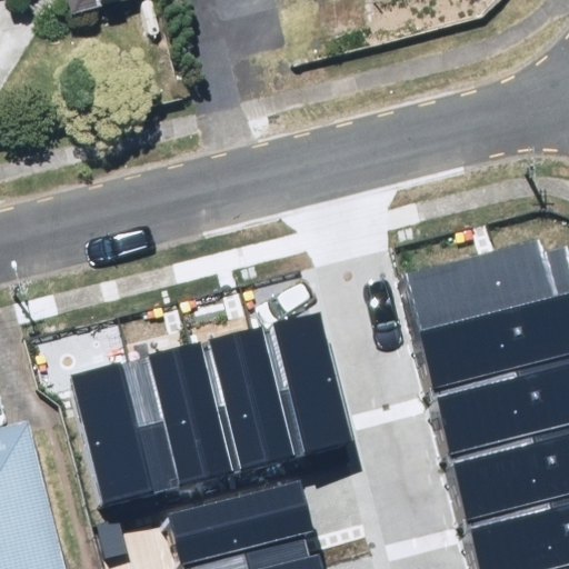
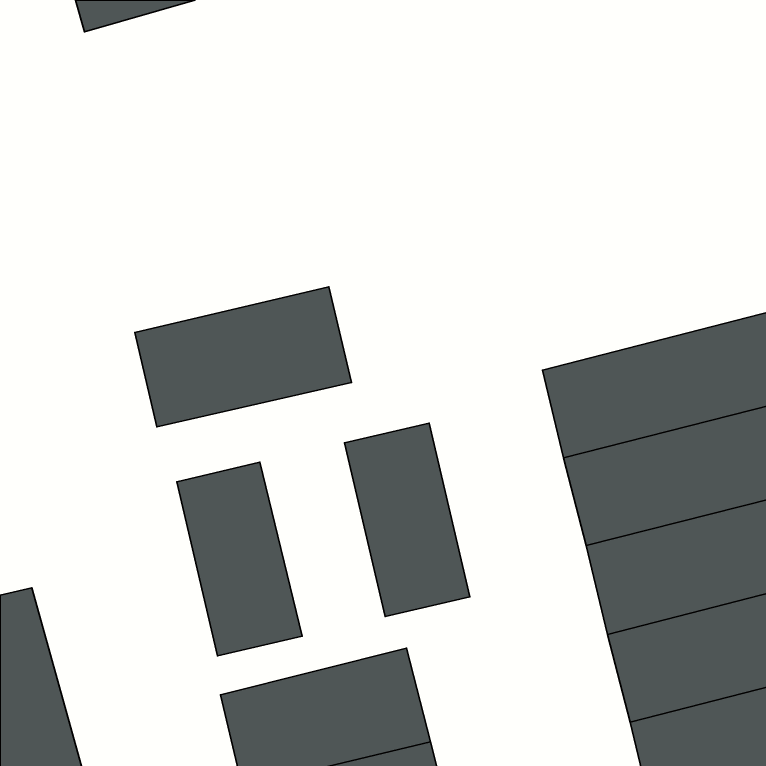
building: none -> [135,287,351,427]
building: [196,330,288,472] -> none
building: [72,359,164,501] -> none

